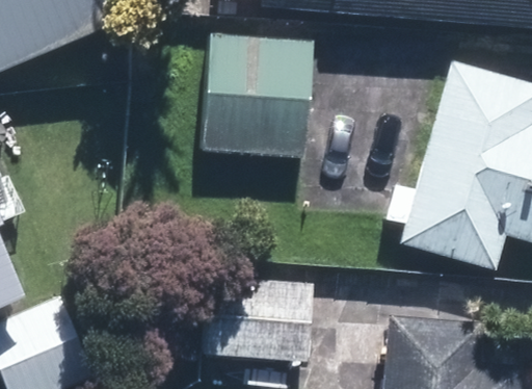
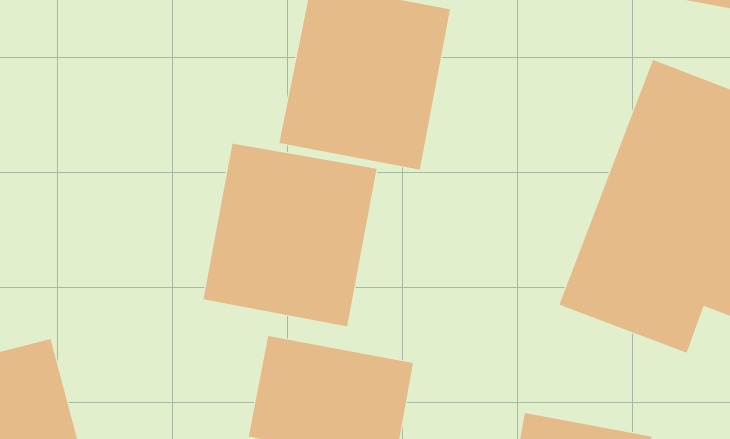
building: none -> [203,143,377,327]

